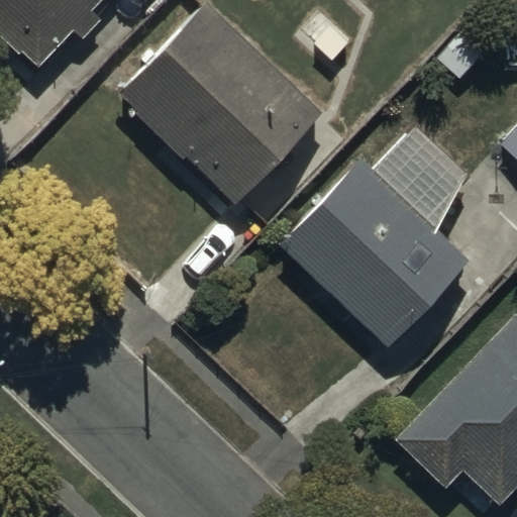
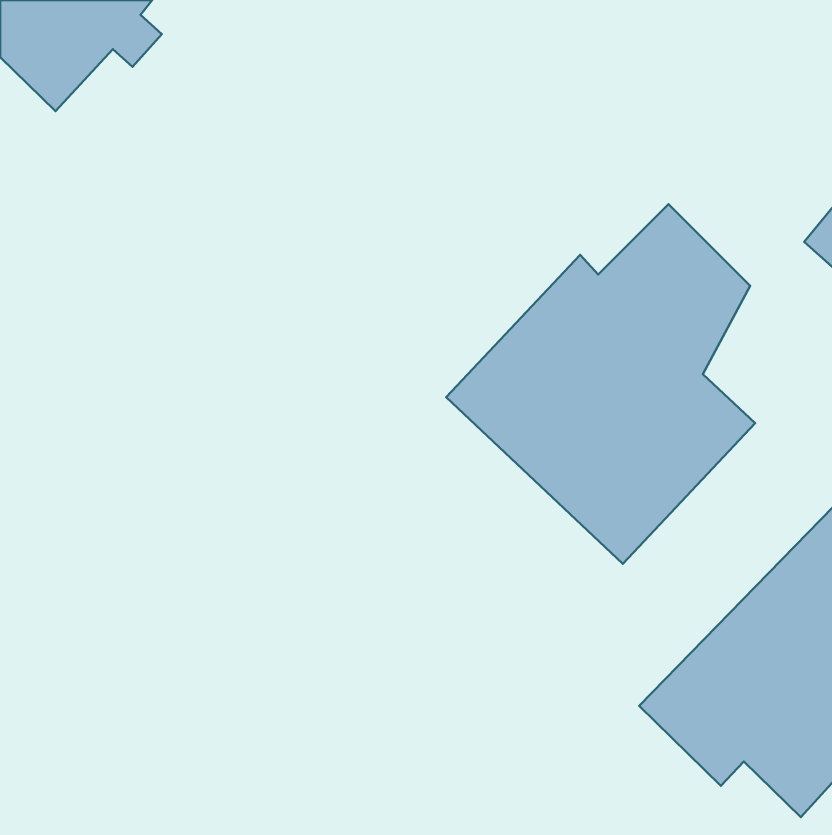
building: [122,6,324,205] -> none

